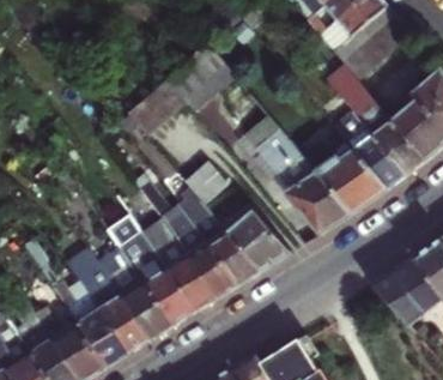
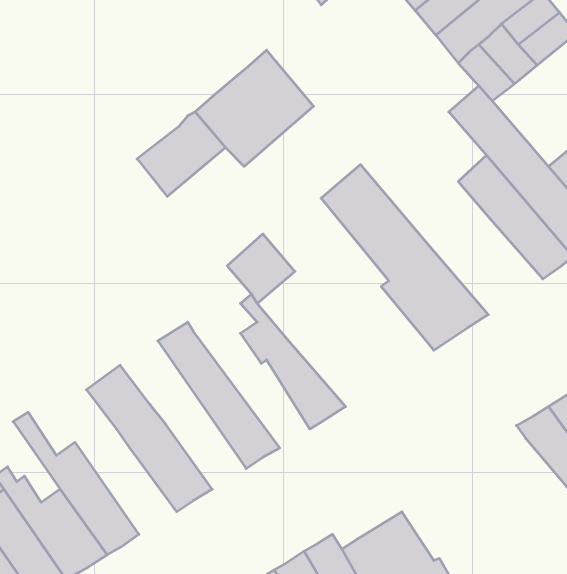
building: [315,150,386,211] -> none
building: [223,204,290,270] -> none
building: [102,206,196,322] -> none
building: [163,216,237,296] -> none
building: [65,246,152,351] -> none

